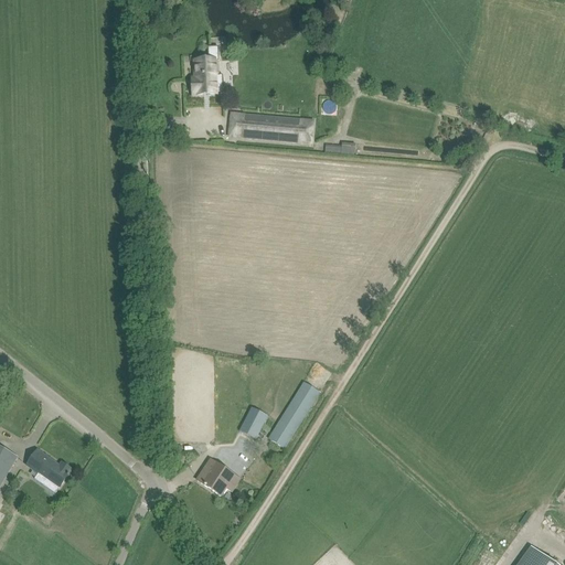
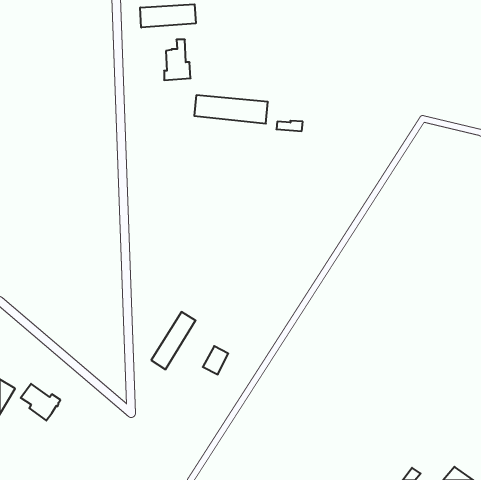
building: none -> [140,4,196,28]
building: [267,380,319,447] -> [151,312,196,369]
building: [196,458,234,494] -> none

